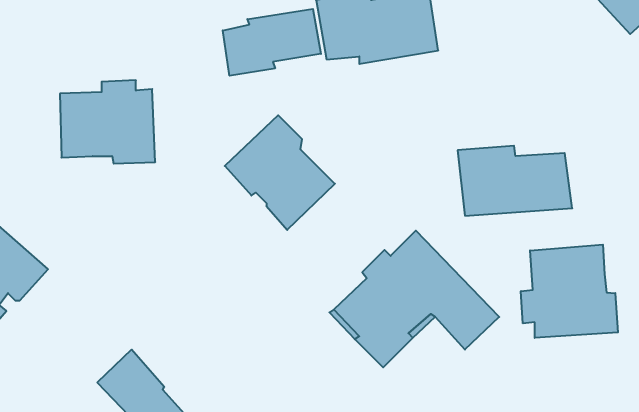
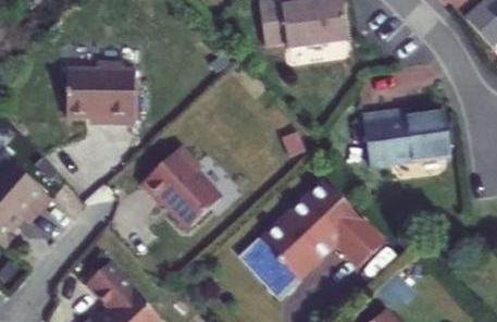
building: [223,9,321,76] -> none
building: [225,115,335,230] -> [153,152,234,236]
building: [521,245,618,338] -> none

